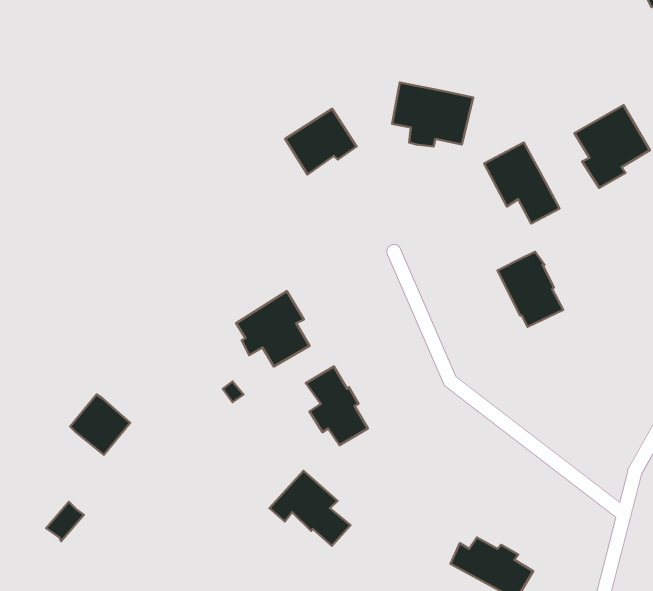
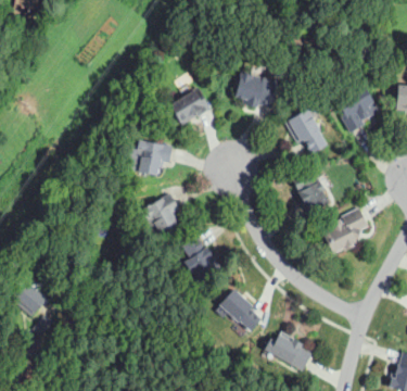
building: none -> [138,140,173,176]
building: none -> [319,206,369,254]
building: [70,395,130,455] -> [12,281,47,316]
building: [270,471,351,546] -> [215,288,262,331]

